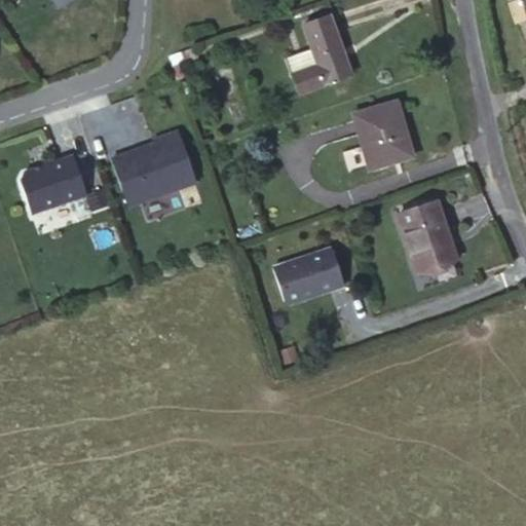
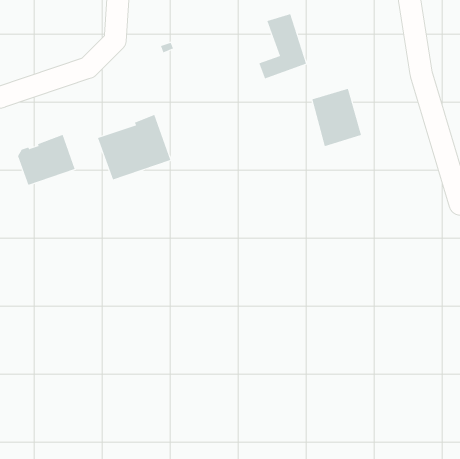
building: [400,200,456,270] -> none
building: [273,248,345,304] -> none

